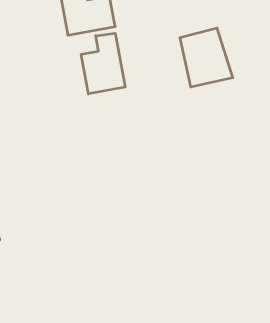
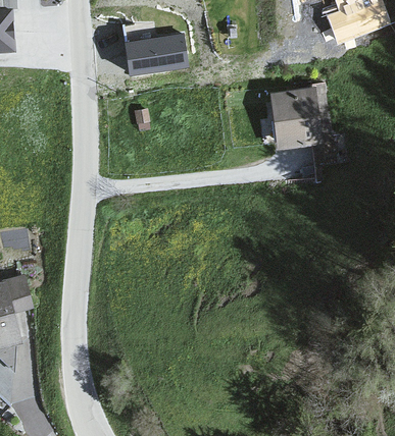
building: [81,33,125,94] -> none

